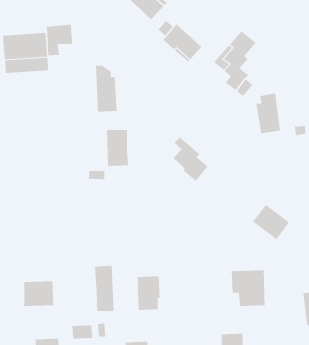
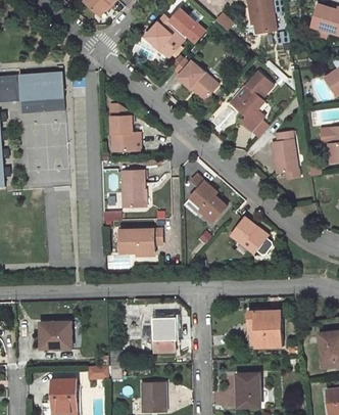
building: [47,24,73,56] -> none
building: none -> [119,230,161,255]
building: [252,204,290,240] -> [230,219,268,255]
building: [95,265,114,312] -> none

